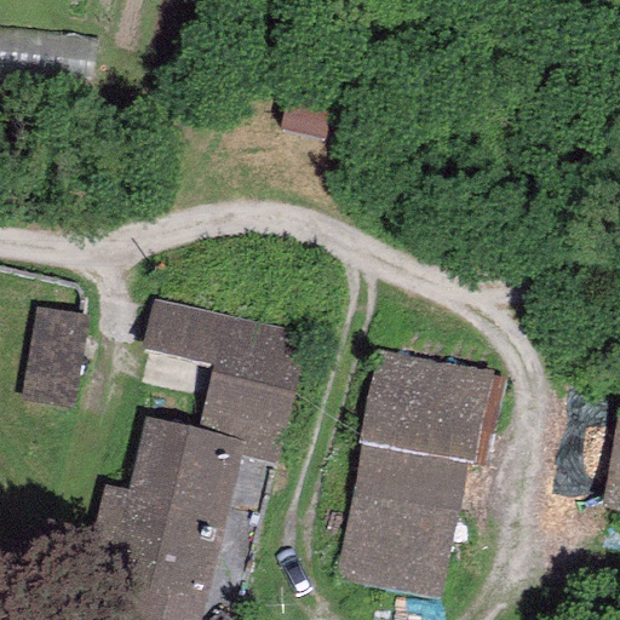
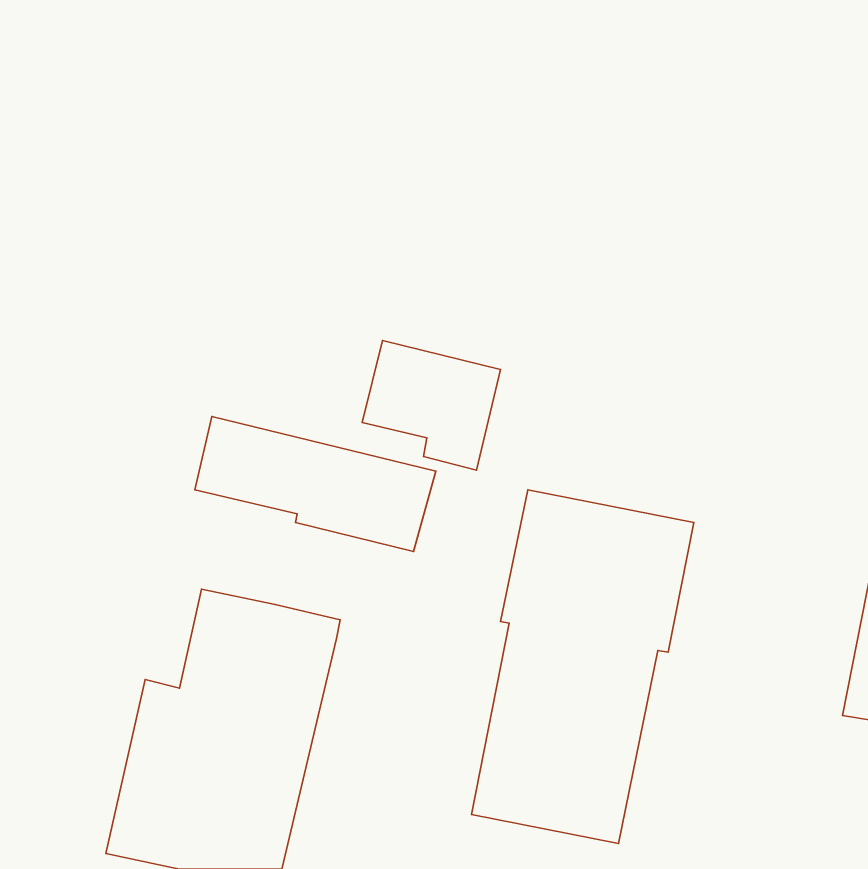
building: [24,305,92,407] -> none
building: [199,371,297,463] -> [362,340,500,470]

